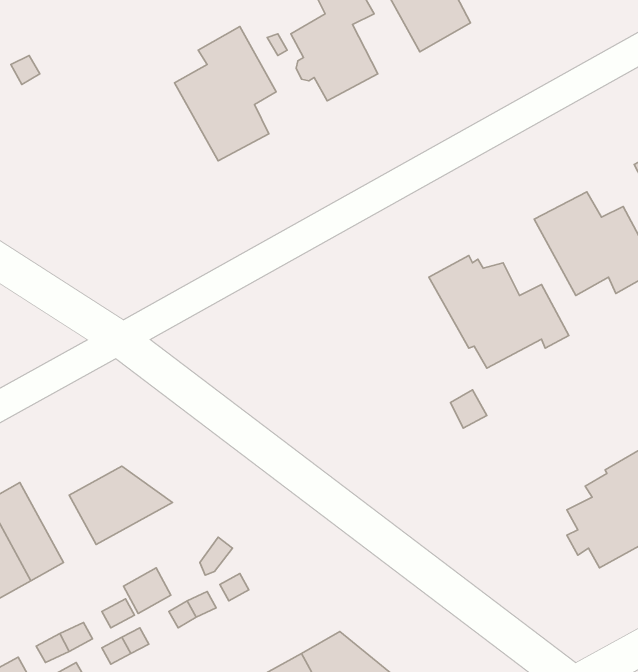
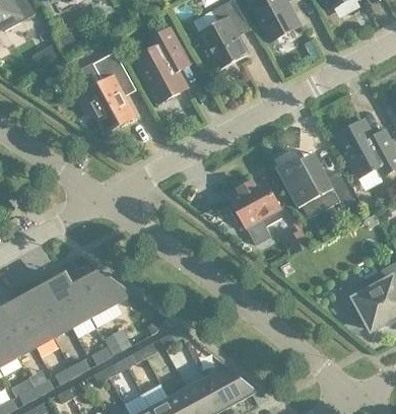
building: none -> [79,52,134,130]
building: none -> [229,179,281,227]
building: none -> [48,278,90,327]

